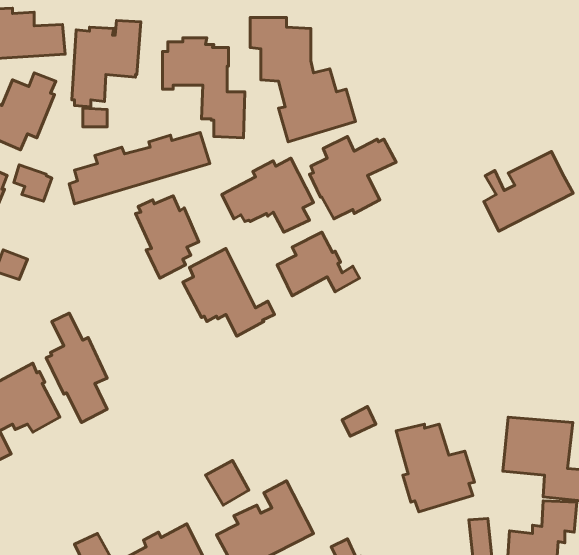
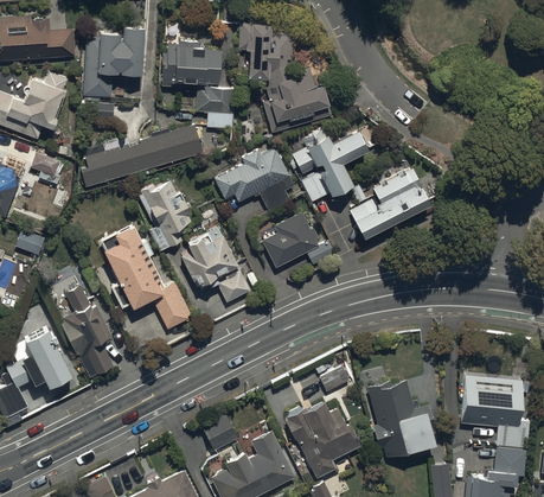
building: [484,151,573,231] -> [351,167,429,237]
building: none -> [100,223,192,330]
building: none -> [284,401,360,479]

